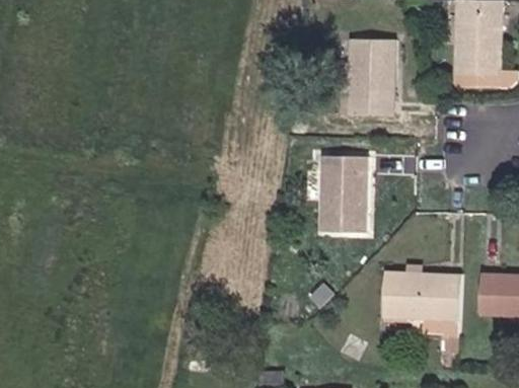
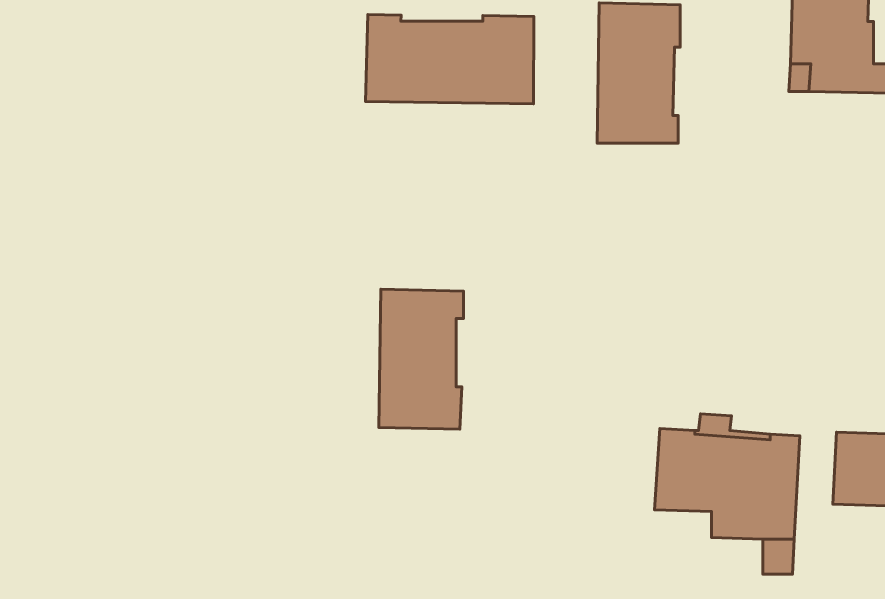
building: none -> [365,14,534,104]
building: [321,155,368,232] -> [379,289,464,429]

